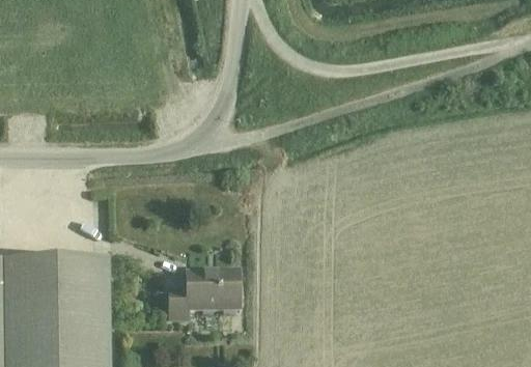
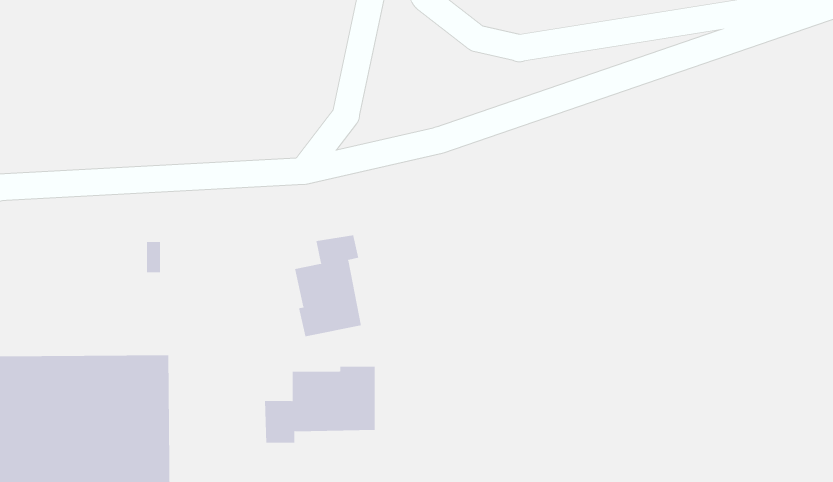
building: none -> [295,234,361,337]

